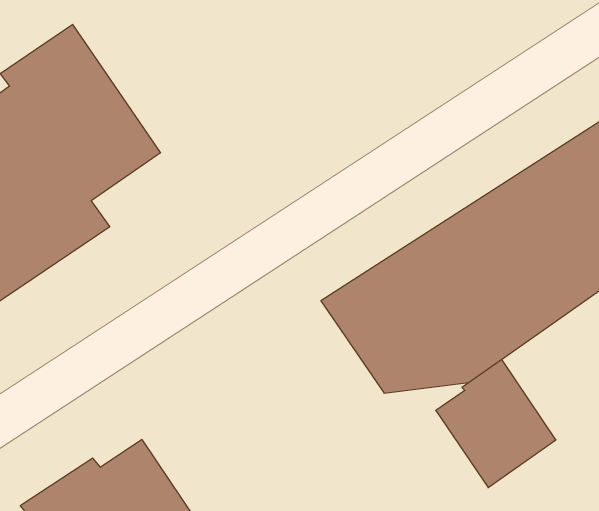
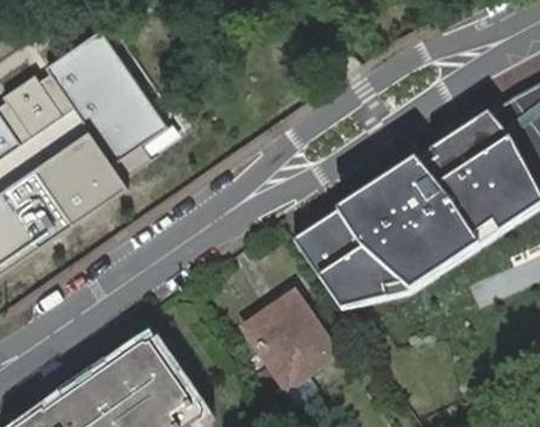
building: [436,360,556,488] -> [244,292,338,391]

